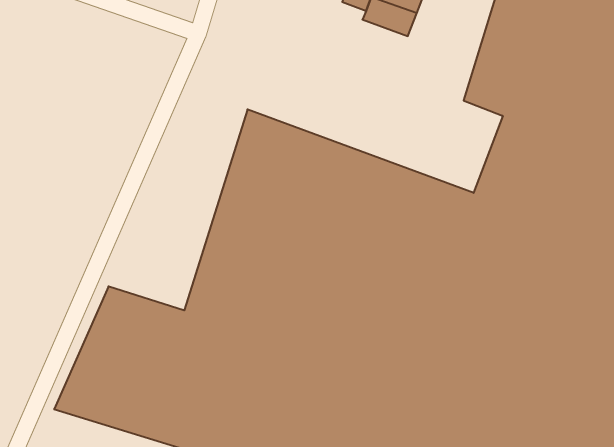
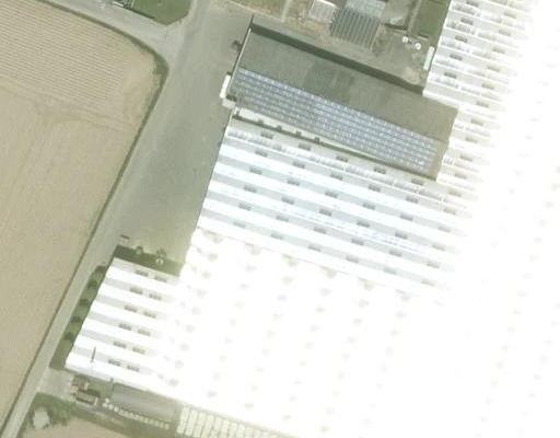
building: none -> [223,34,455,177]

